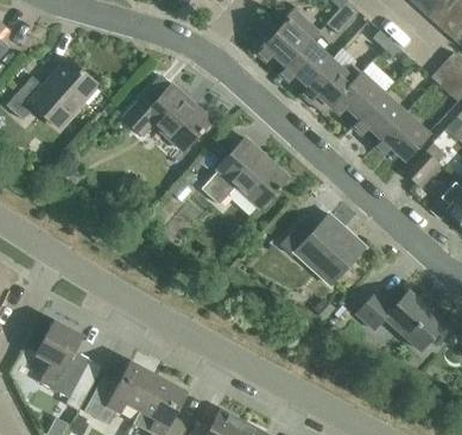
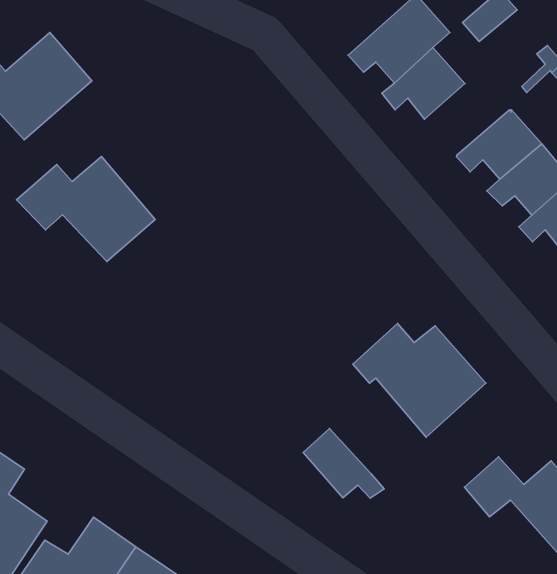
building: [302,63,360,116] -> none
building: [122,87,210,152] -> [17,156,155,262]
building: [202,140,287,209] -> none
building: none -> [303,428,384,498]

